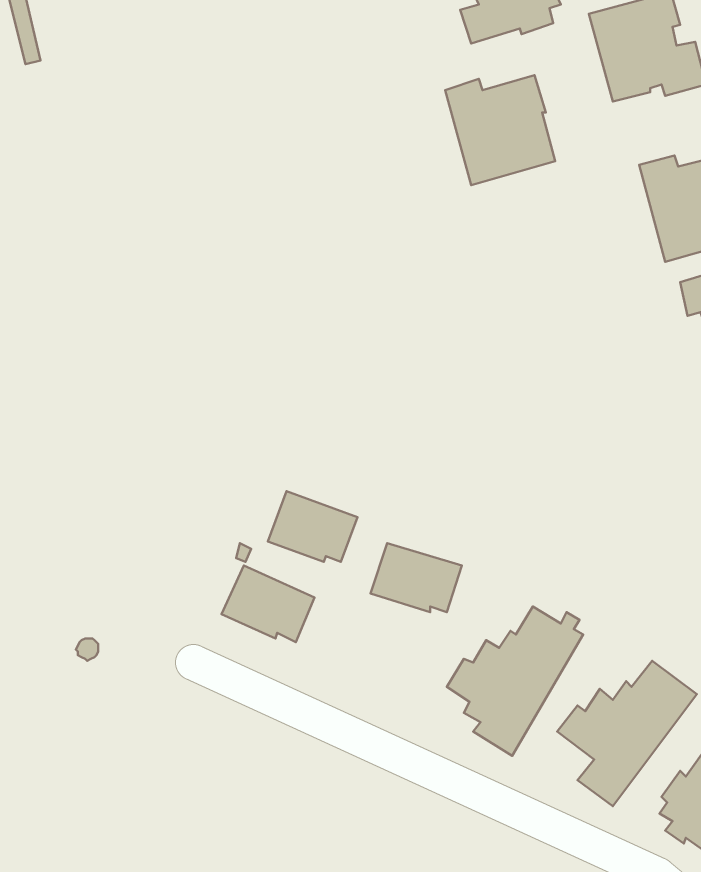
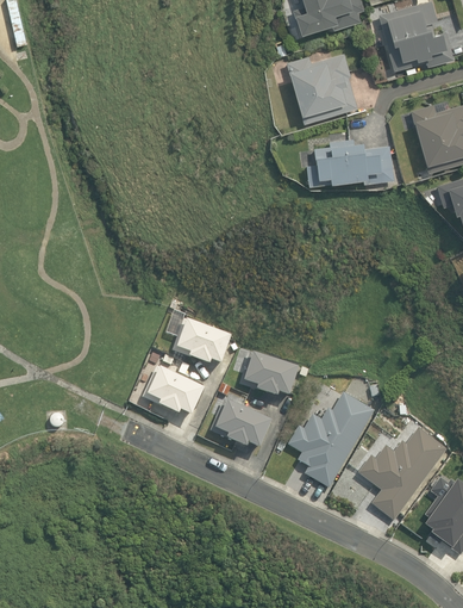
building: none -> [306,138,393,185]
building: none -> [211,399,271,447]

